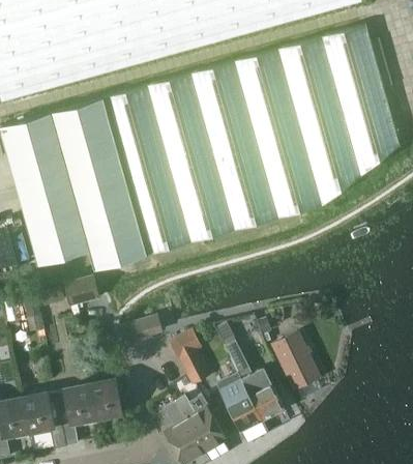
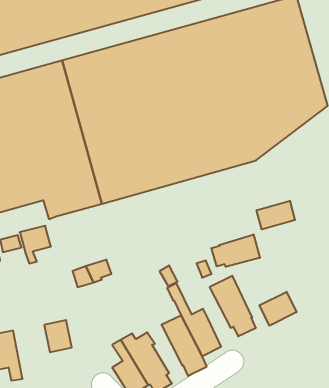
building: none -> [257,201,295,229]
building: none -> [211,234,260,267]
building: [170,329,209,383] -> none
building: none -> [260,292,297,326]
building: [56,385,96,444] -> none

